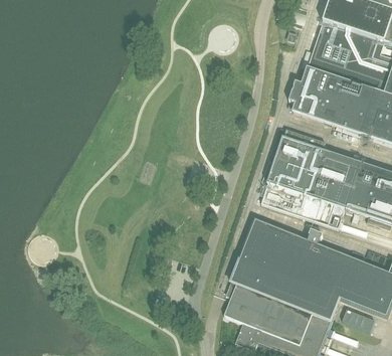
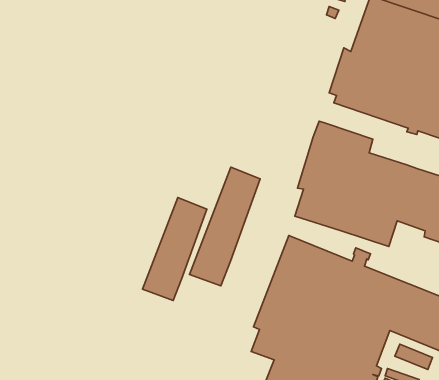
building: none -> [189,167,260,286]
building: none -> [142,198,207,300]

